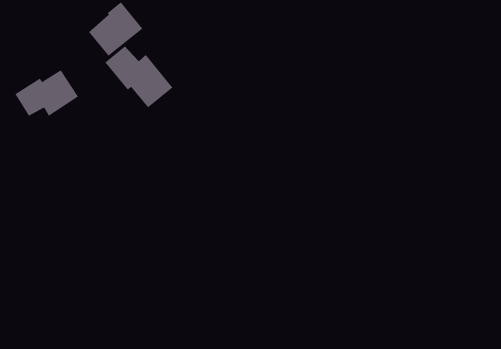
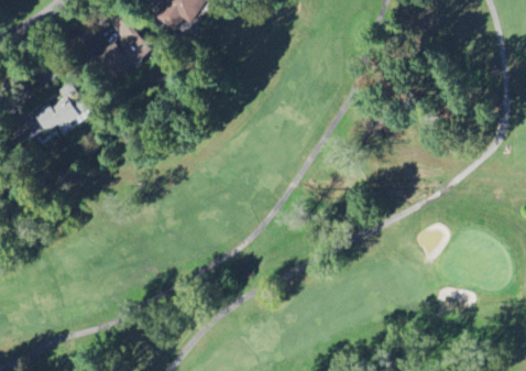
building: [105,45,173,108] -> none

